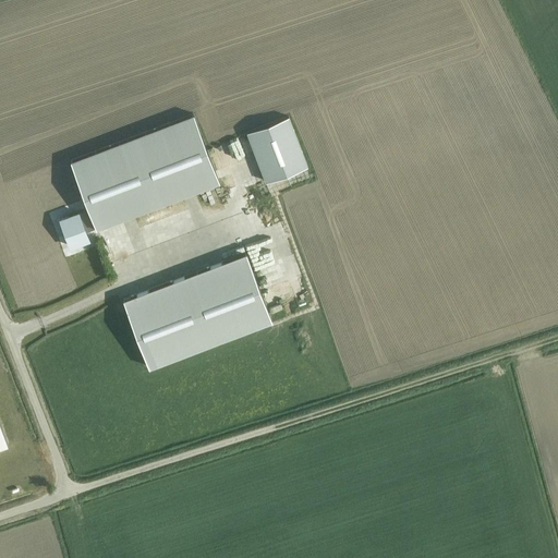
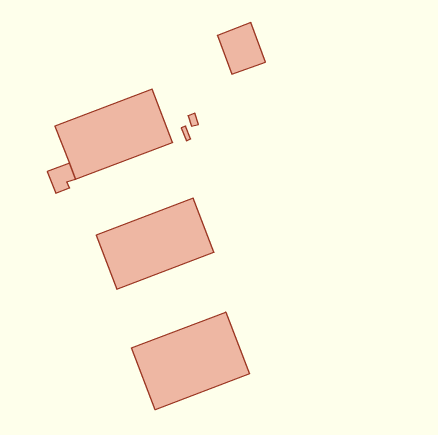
building: [246,120,307,185] -> [217,23,265,74]
building: none -> [132,312,249,410]

